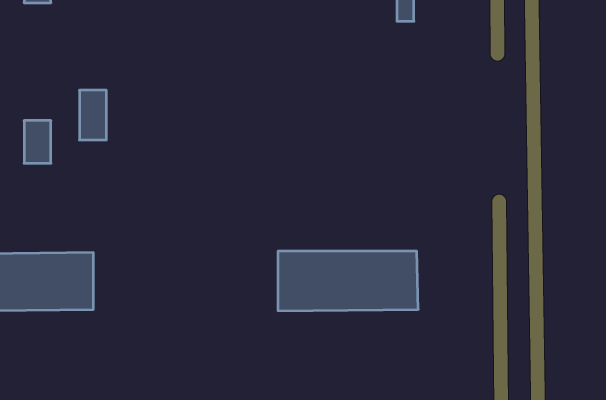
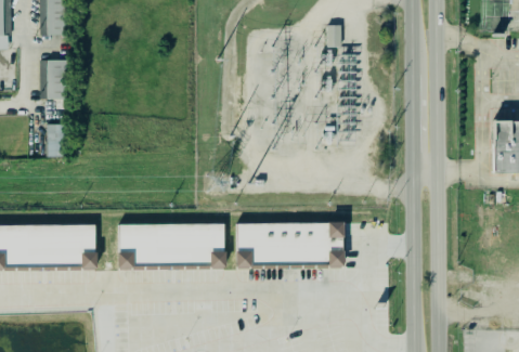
building: [79,90,106,140] -> [42,58,63,96]
building: none -> [118,223,224,269]

